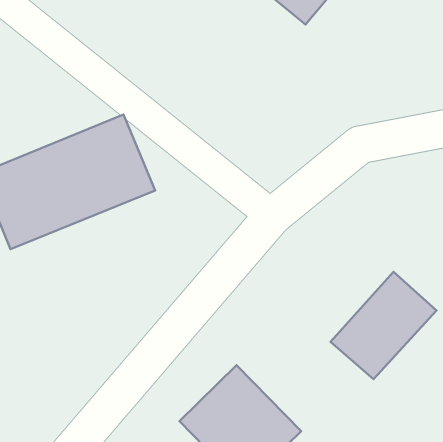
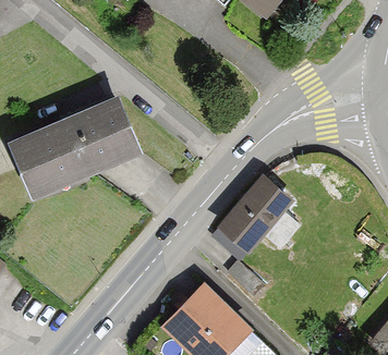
building: [331,272,436,379] -> [214,176,294,258]

